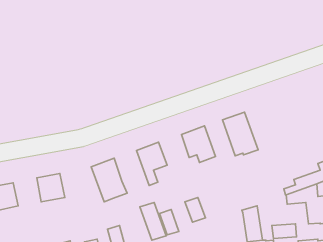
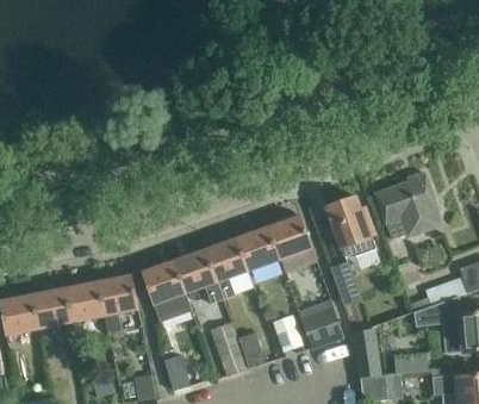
building: none -> [375,172,441,240]
building: none -> [236,228,279,271]
building: none -> [174,250,223,303]
building: none -> [330,261,362,306]
building: none -> [98,275,138,332]
building: none -> [32,288,71,328]
building: none -> [300,306,343,348]

